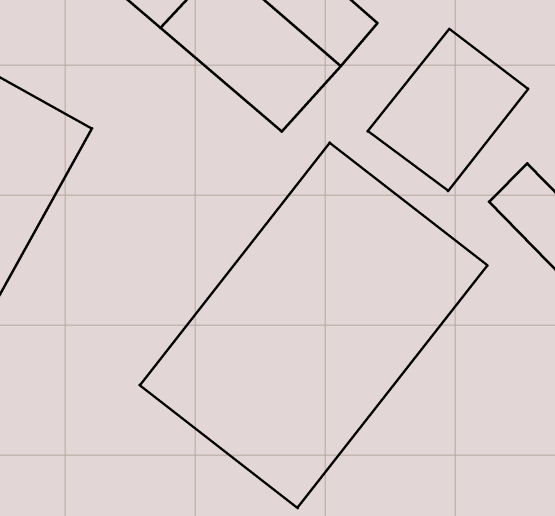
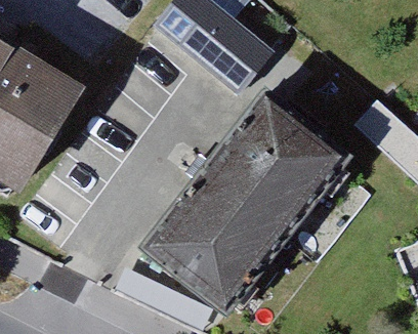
building: [368,29,528,191] -> none

